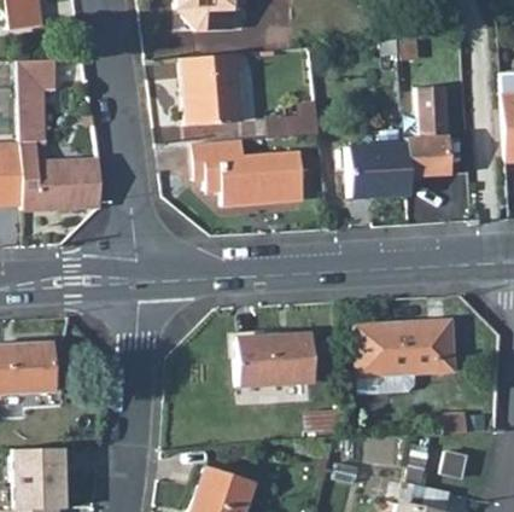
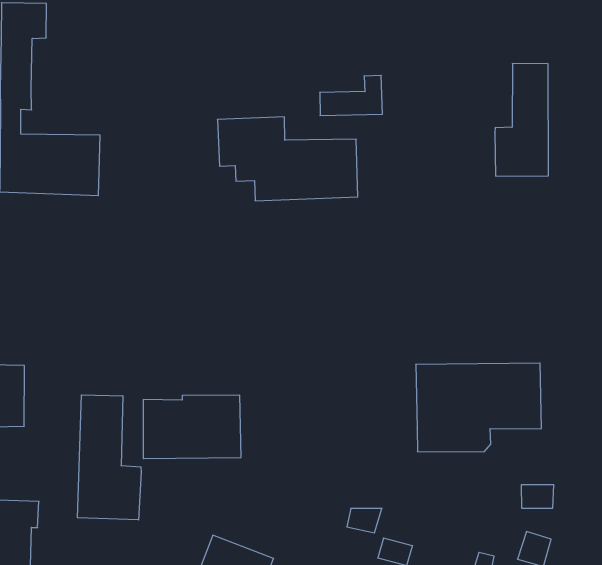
building: [181,53,245,126] -> none
building: [349,142,410,197] -> none
building: [235,333,314,386] -> [143,395,241,459]
building: none -> [77,395,141,520]

